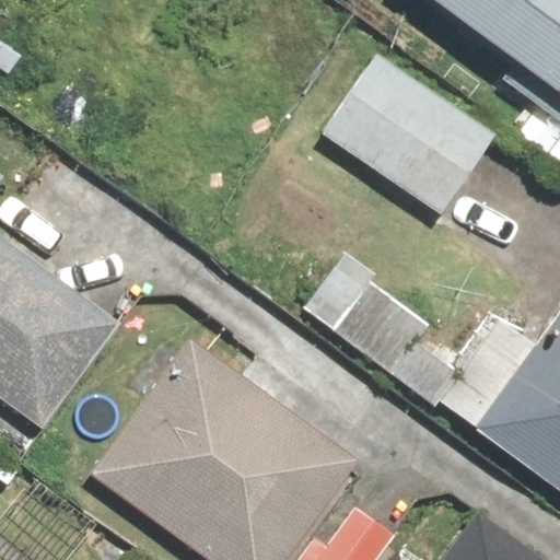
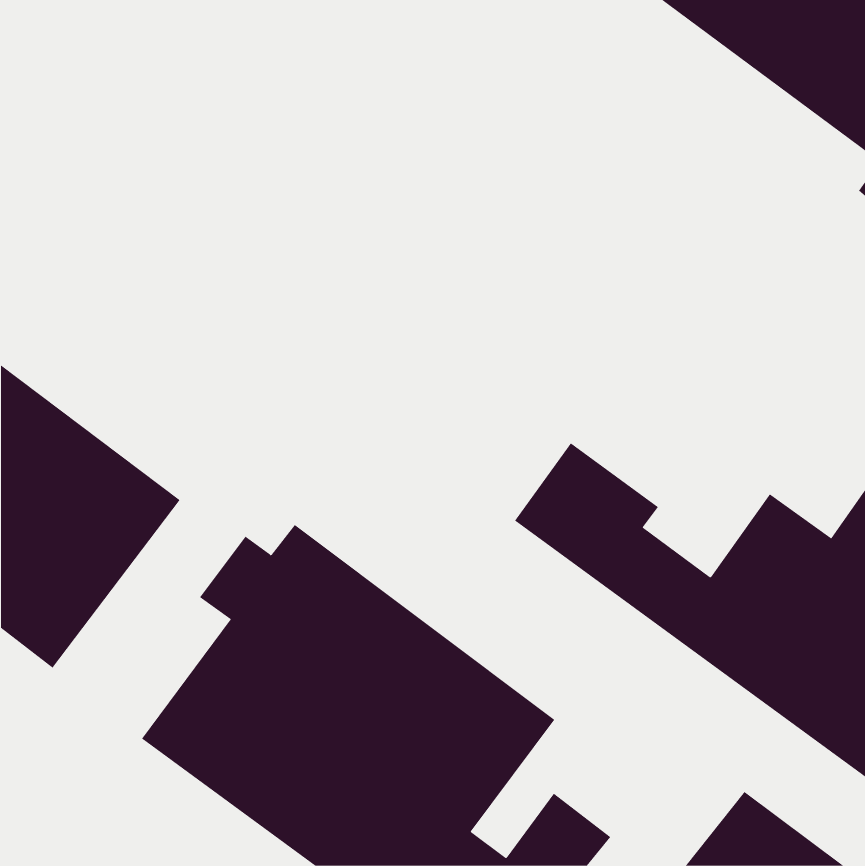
building: [318,52,493,214] -> none

